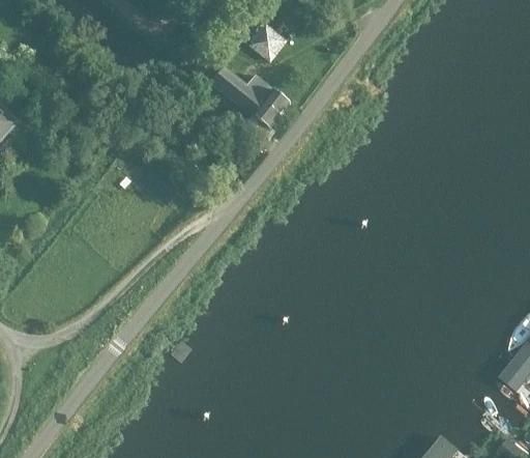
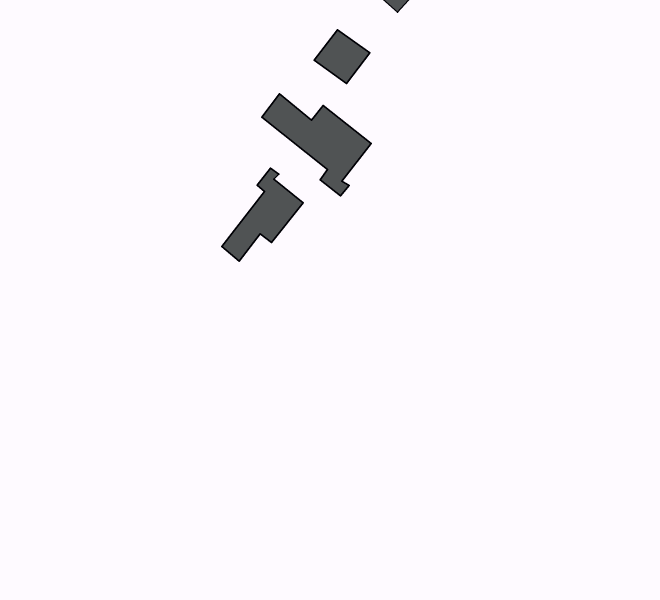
building: none -> [222,168,303,261]

